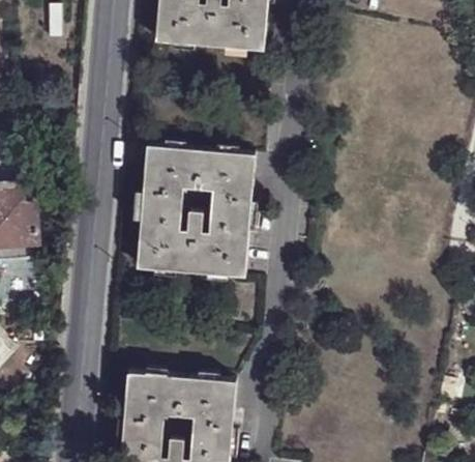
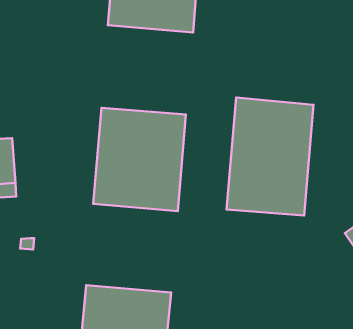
building: none -> [227,97,313,216]

